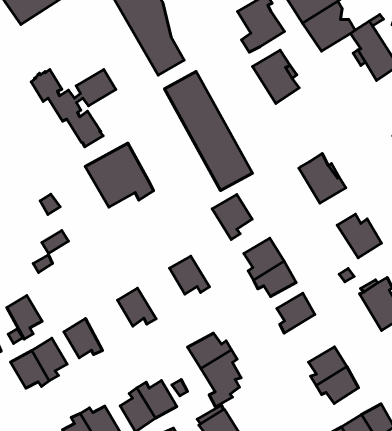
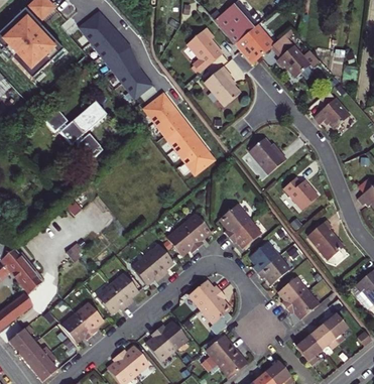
building: [85,143,153,207] -> none
building: [212,195,252,239] -> [180,214,211,247]
building: none -> [145,245,173,276]
building: [7,295,42,339] -> [111,273,138,305]
building: none -> [257,255,289,282]

